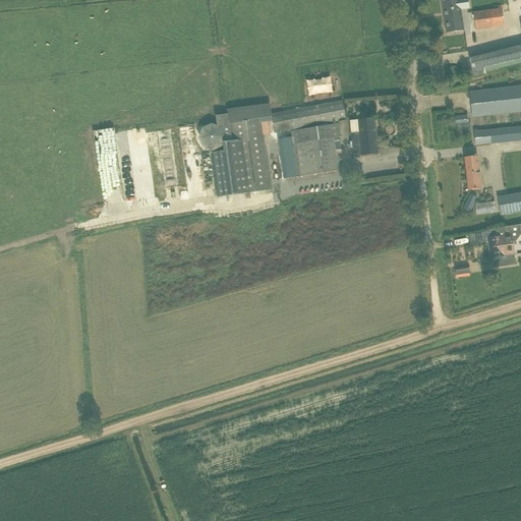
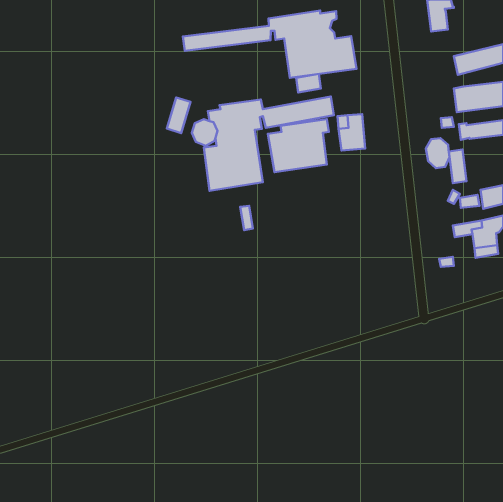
building: [473,5,503,30] -> none
building: none -> [183,11,357,78]
building: none -> [167,97,191,133]
building: none -> [426,138,450,168]

